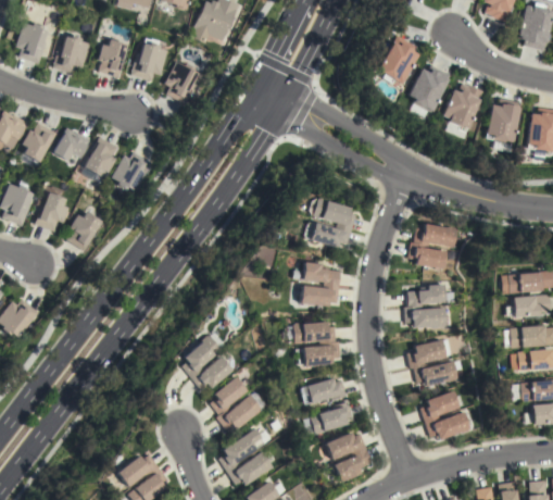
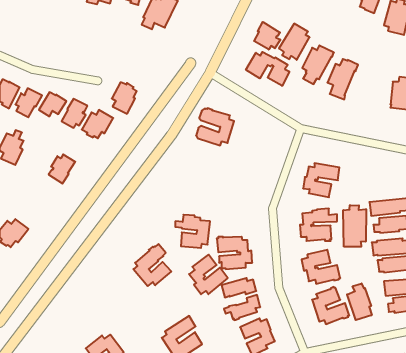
building: [16,23,48,63] -> none
building: none -> [254,22,280,50]
building: [54,36,90,74] -> none
building: [99,39,128,78] -> none
building: [133,42,168,82] -> none
building: [166,62,200,104] -> [112,82,137,114]
building: none -> [246,52,289,86]
building: [486,99,520,145] -> none
building: [36,192,70,232] -> none
building: [305,198,356,248] -> [196,108,234,145]
building: [294,262,341,307] -> [175,215,210,248]
building: none -> [343,205,366,247]
building: [211,377,263,430] -> [189,255,228,294]
building: none -> [347,283,372,320]

